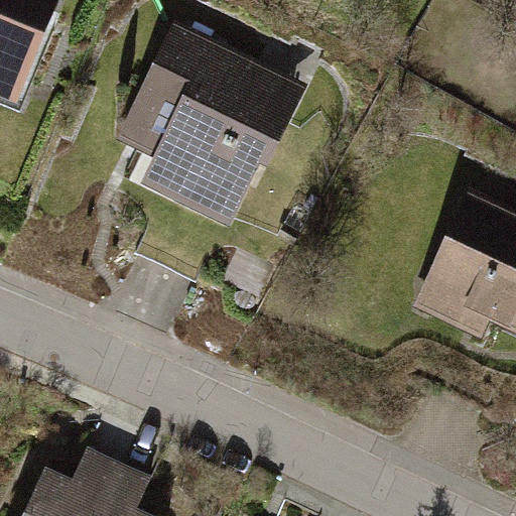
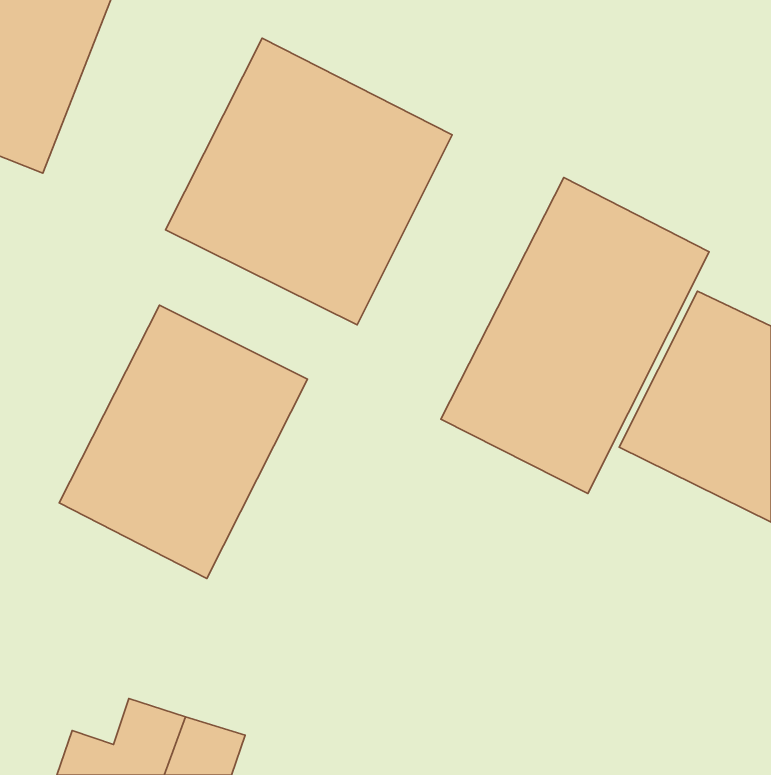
building: none -> [441,178,709,493]
building: none -> [59,305,308,579]

